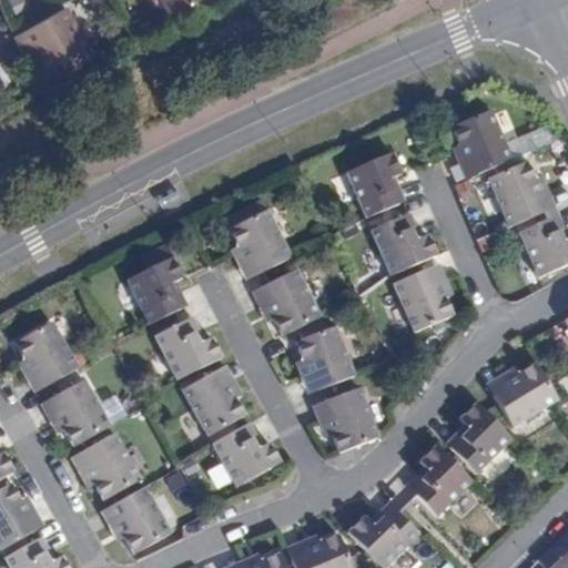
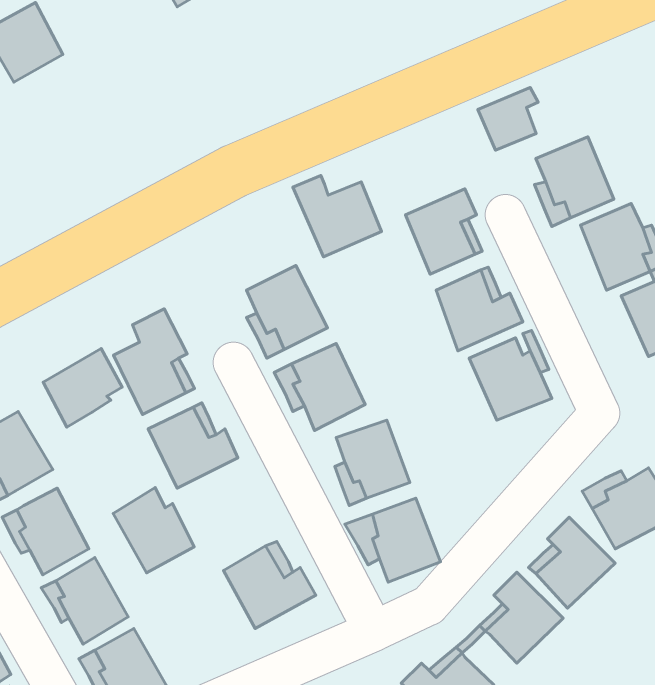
building: none -> [478,88,538,150]
building: none -> [293,176,381,257]
building: none -> [43,349,122,427]
building: [180,372,242,437] -> [113,488,194,573]

